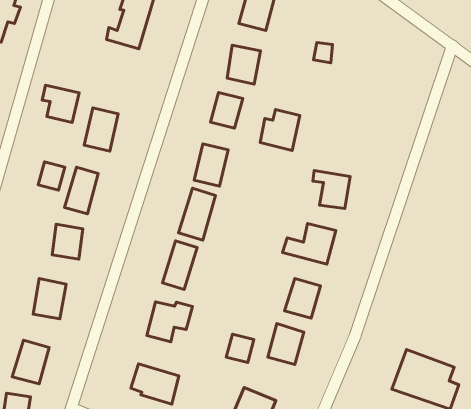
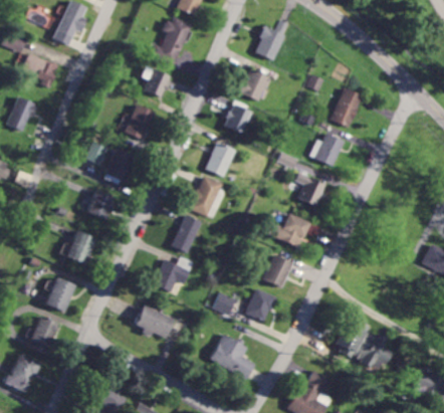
building: none -> [332,87,364,127]
building: [42,85,79,122] -> [140,65,169,96]
building: [260,109,300,150] -> [311,133,345,166]

